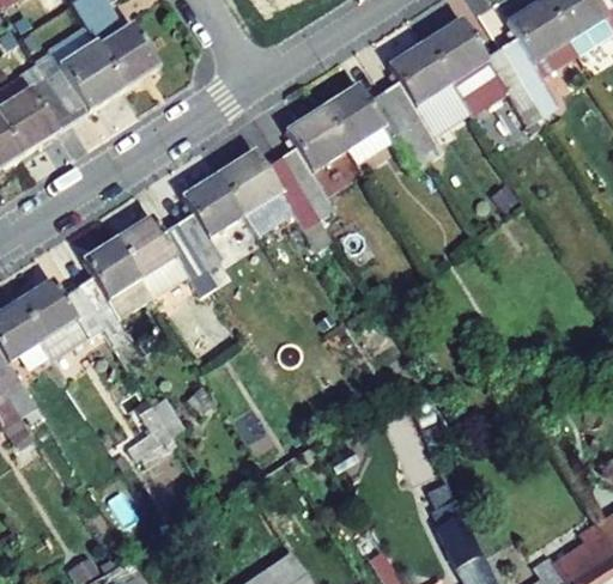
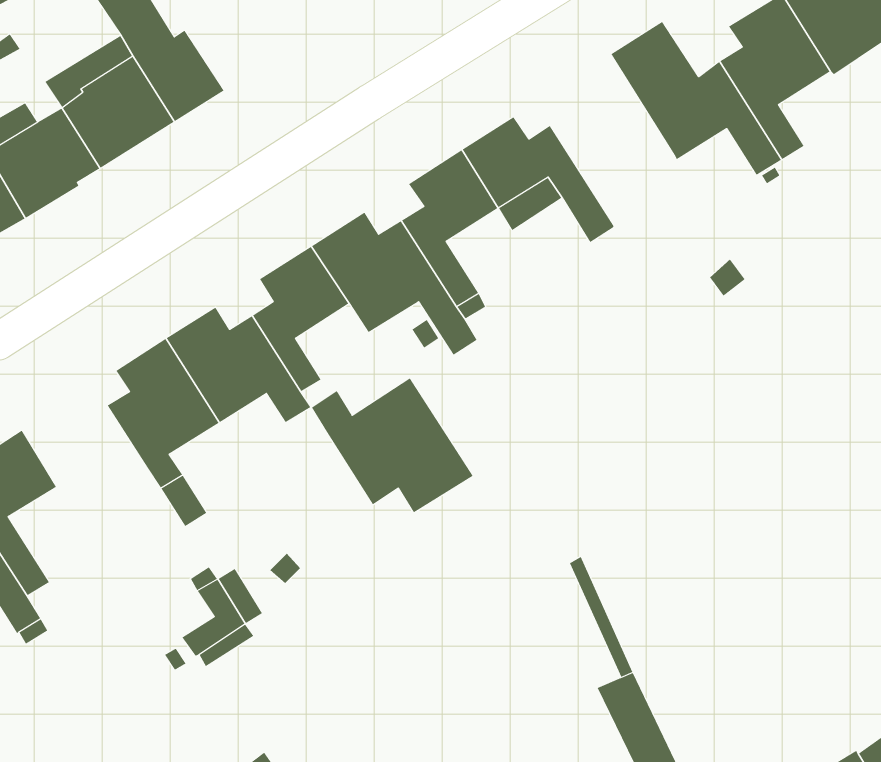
building: [382,41,468,159] -> none
building: none -> [311,377,473,513]
building: [17,279,103,358] -> none

